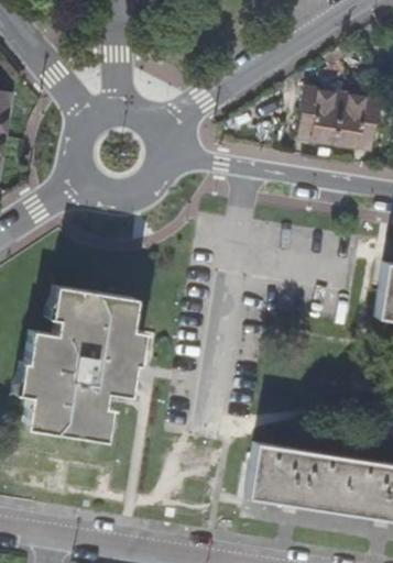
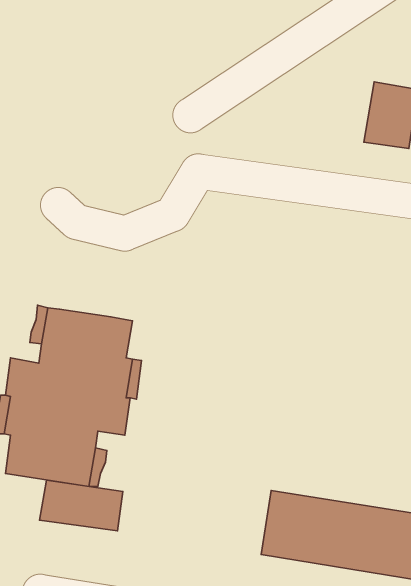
building: [298,89,345,145] -> none
building: none -> [39,480,123,531]

